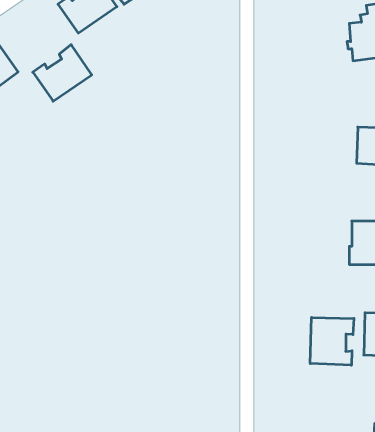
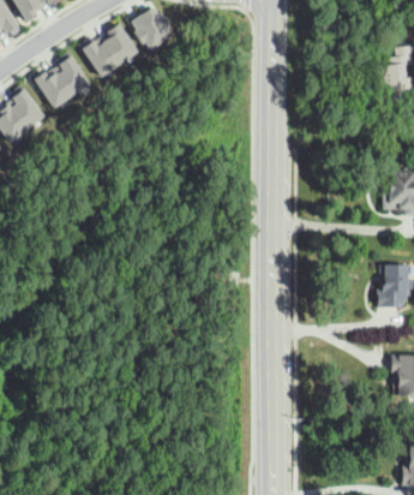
building: [33,45,92,101] -> [35,50,94,107]
building: [310,317,354,365] -> none

